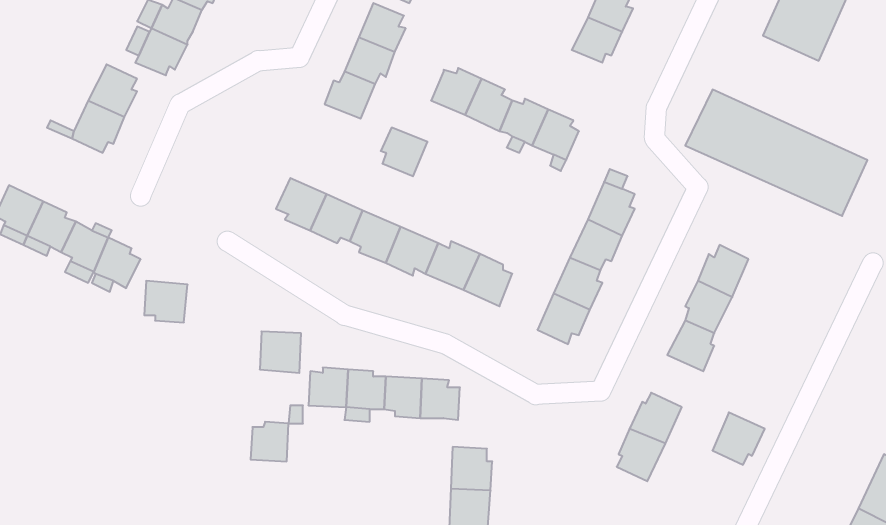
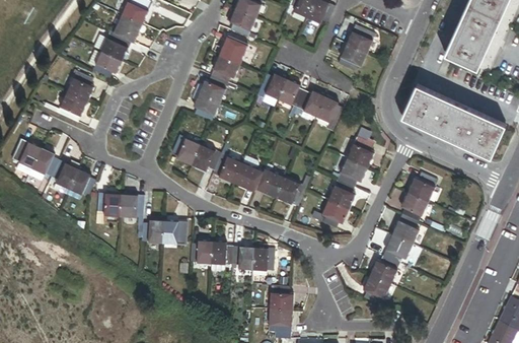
building: [381,128,428,176] -> [193,93,219,121]
building: none -> [120,195,144,217]
building: [712,412,765,465] -> [382,234,412,264]
building: [251,422,289,461] -> [142,220,163,243]

